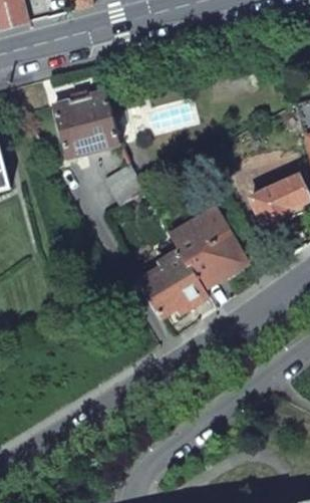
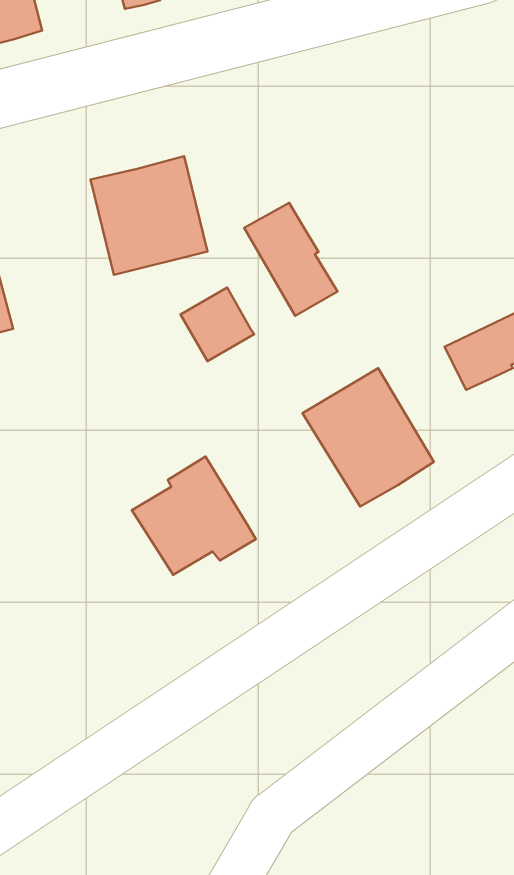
building: none -> [244,203,338,316]
building: [138,247,208,313] -> [132,456,256,575]

